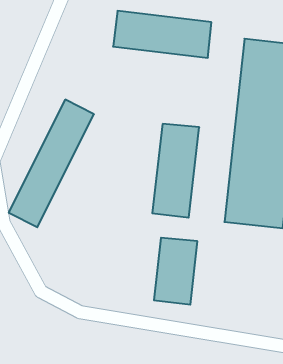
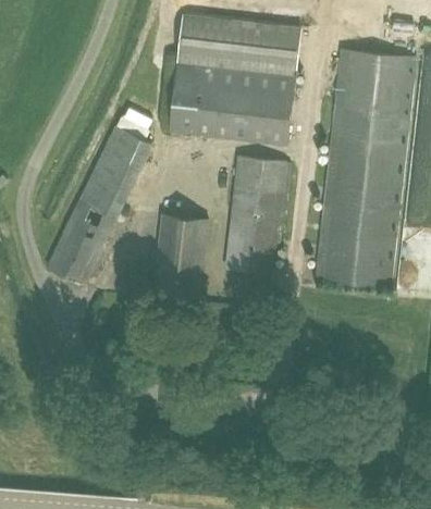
building: none -> [170,61,295,145]
building: [154,238,197,305] -> [153,214,208,298]

